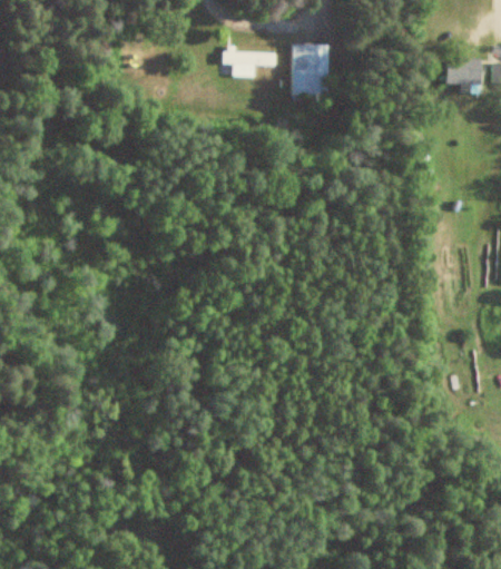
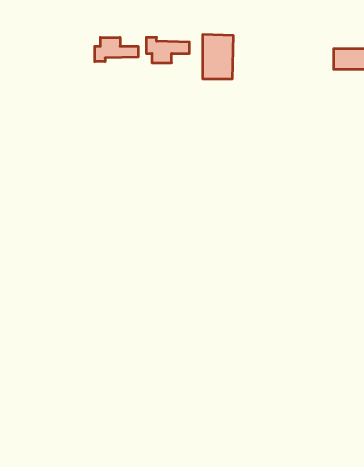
building: none -> [95,37,138,62]

